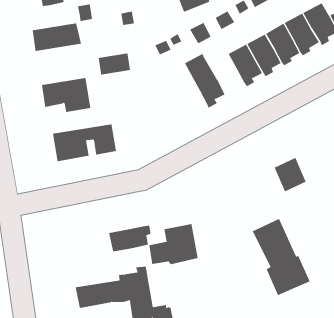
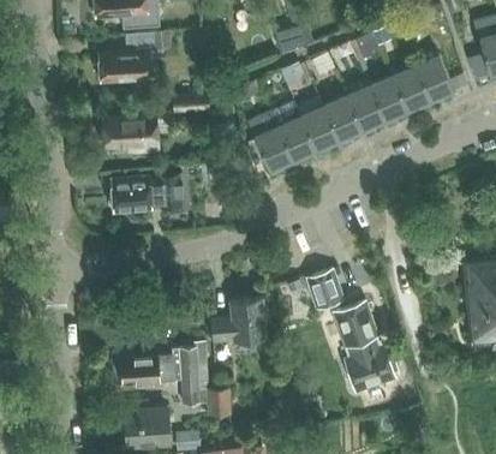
building: none -> [295,95,339,155]
building: none -> [253,125,293,175]
building: [274,157,306,192] -> [306,269,342,309]
building: [109,225,151,252] -> none

